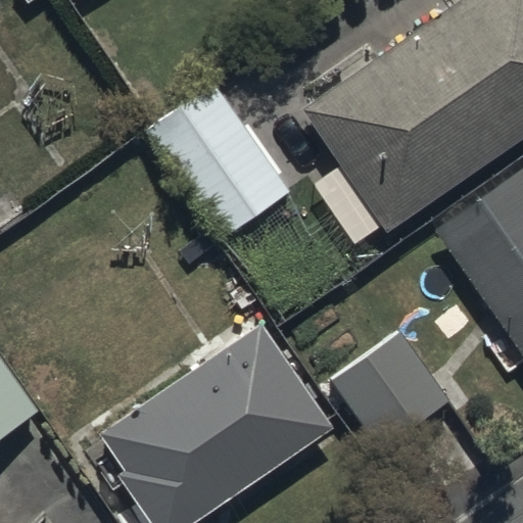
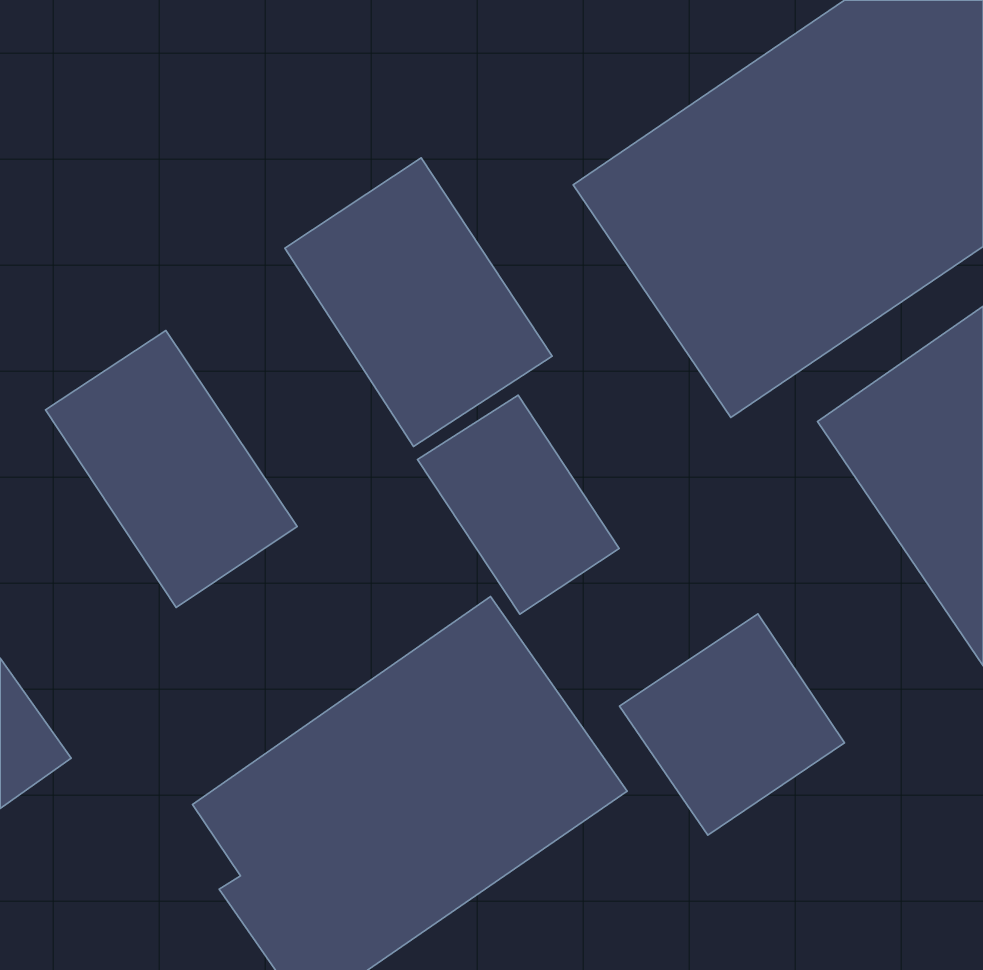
building: none -> [46,331,297,608]
building: none -> [417,395,619,614]

